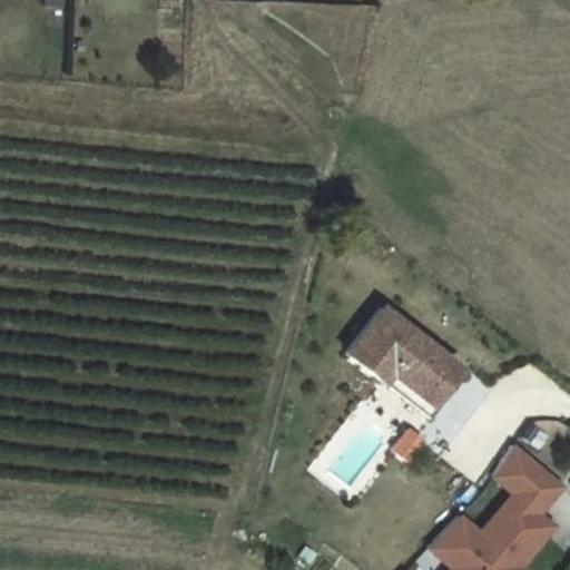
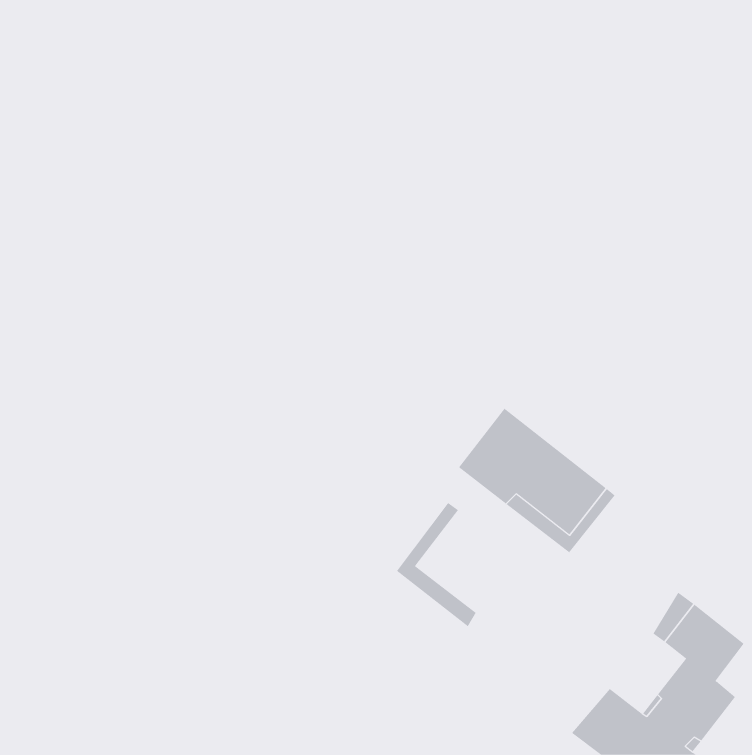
building: none -> [396,502,477,627]

